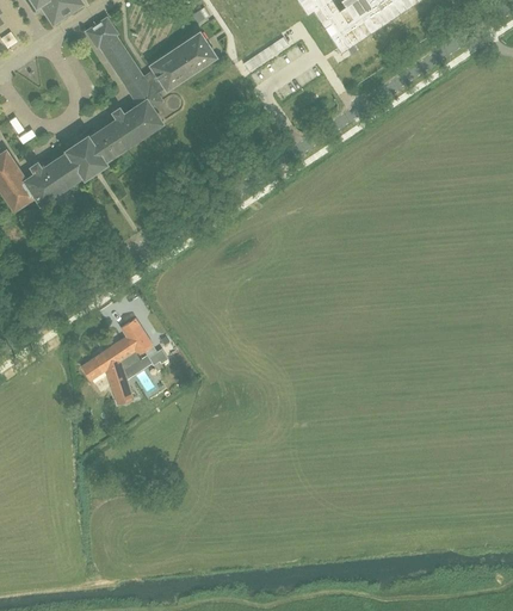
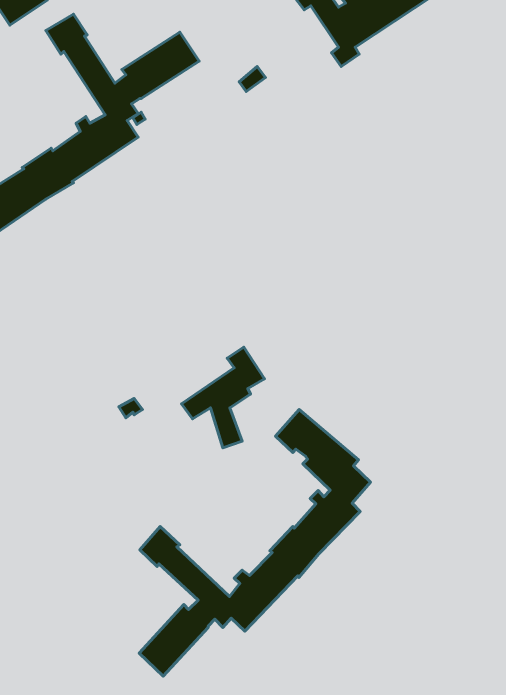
building: [81,317,153,405] -> [182,347,264,448]
building: none -> [139,409,371,676]

